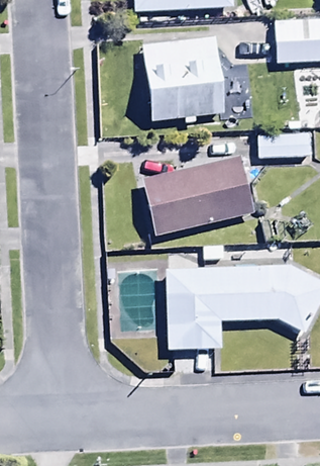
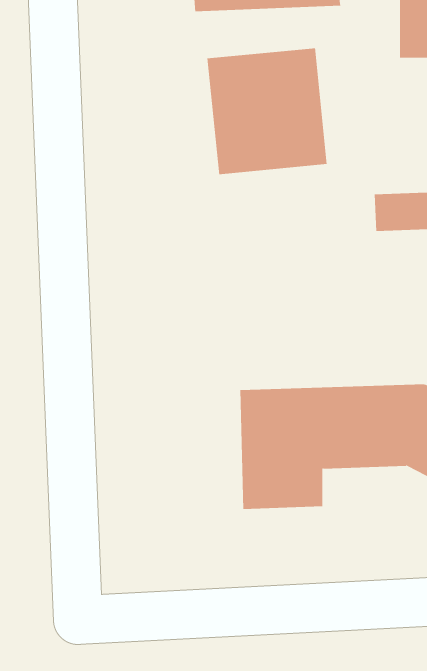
building: [142,135,253,217] -> none

